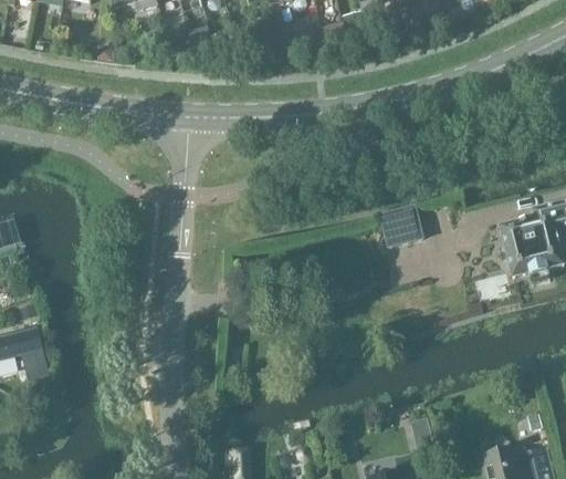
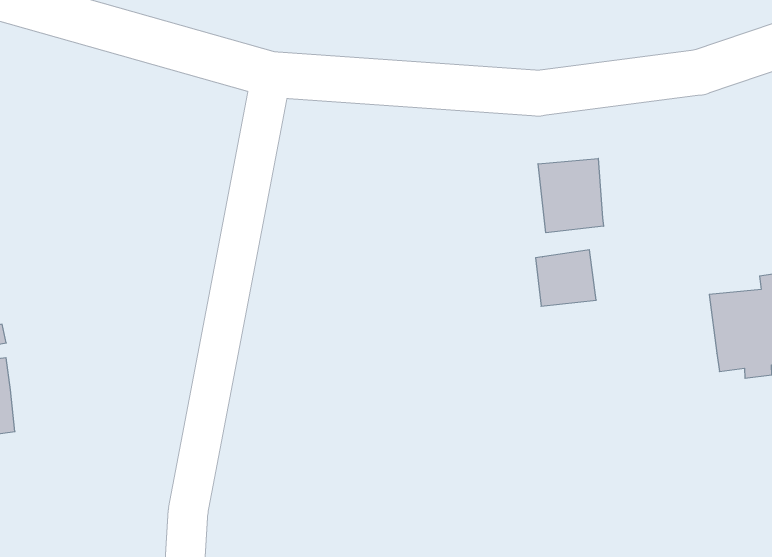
building: none -> [538,158,604,233]

